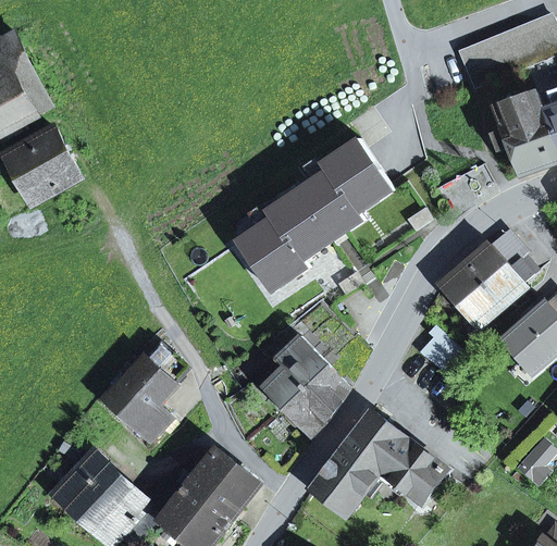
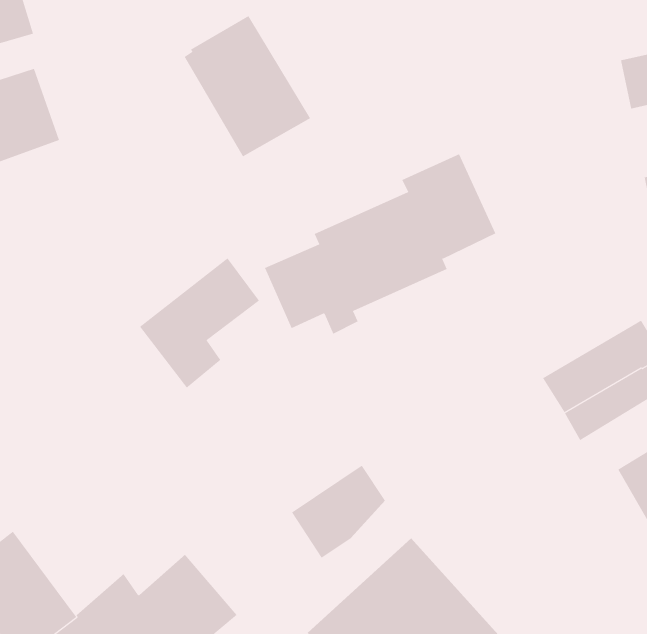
building: none -> [184,15,311,157]
building: [267,336,326,407] -> none
building: [106,343,186,438] -> [139,257,260,388]

